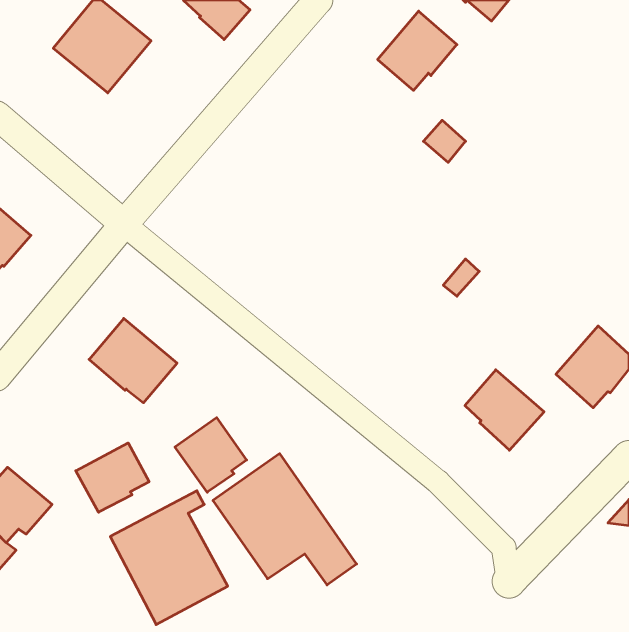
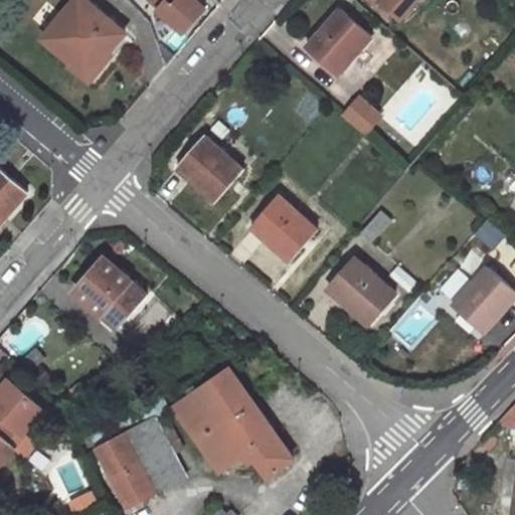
building: none -> [178,136,242,201]
building: none -> [250,195,316,262]
building: [465,370,544,450] -> [329,260,393,325]
building: [175,418,247,492] -> none
building: [76,443,149,512] -> none

